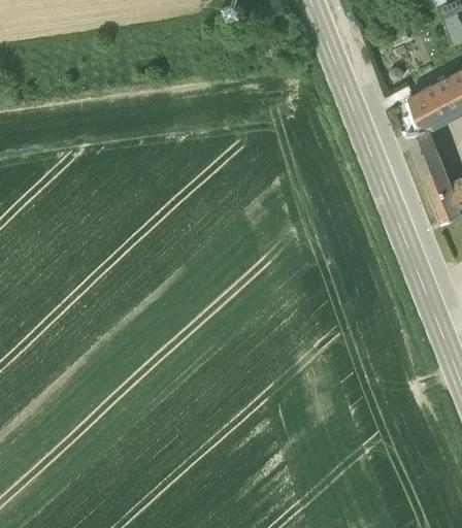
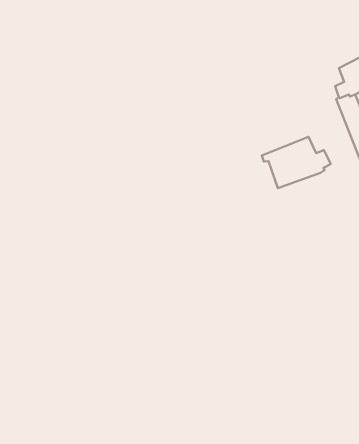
building: none -> [262,137,330,188]

